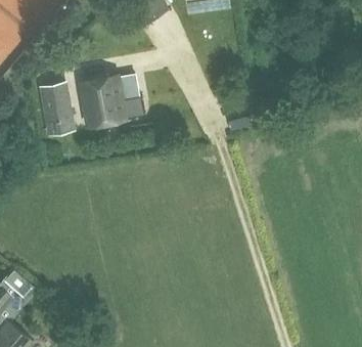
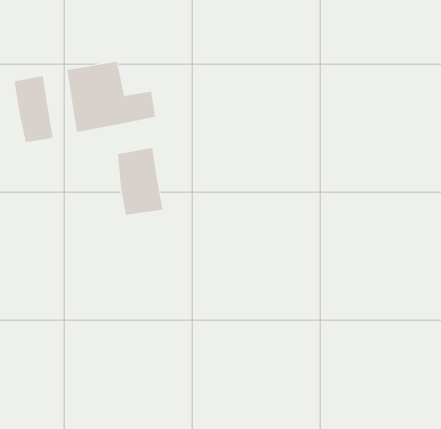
building: none -> [117,147,163,216]

